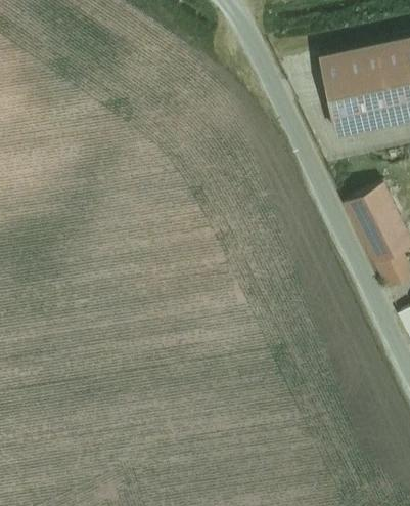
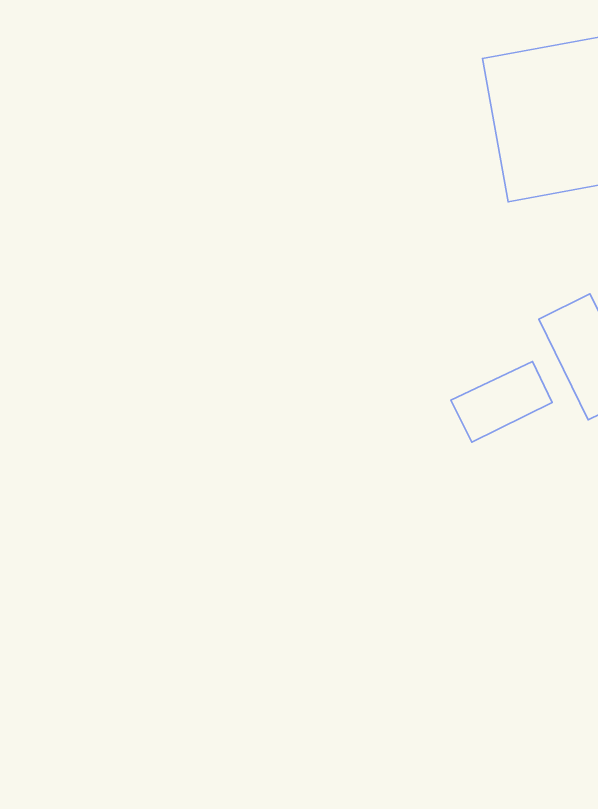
building: none -> [451,361,552,442]

